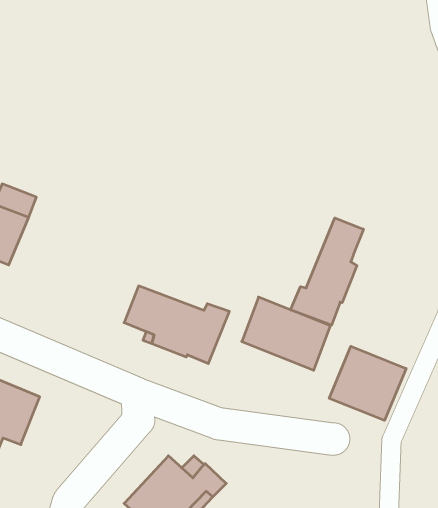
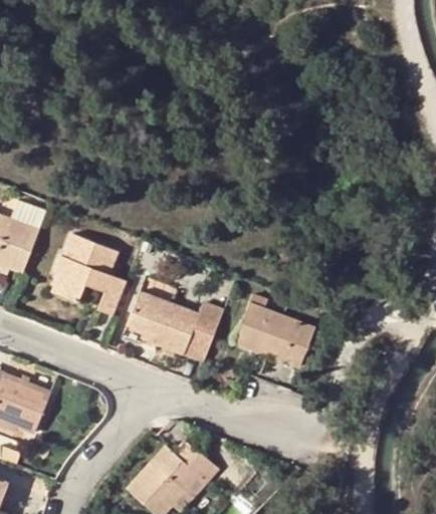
building: [291,218,363,325] -> none
building: none -> [53,234,127,316]
building: [329,346,406,420] -> none

